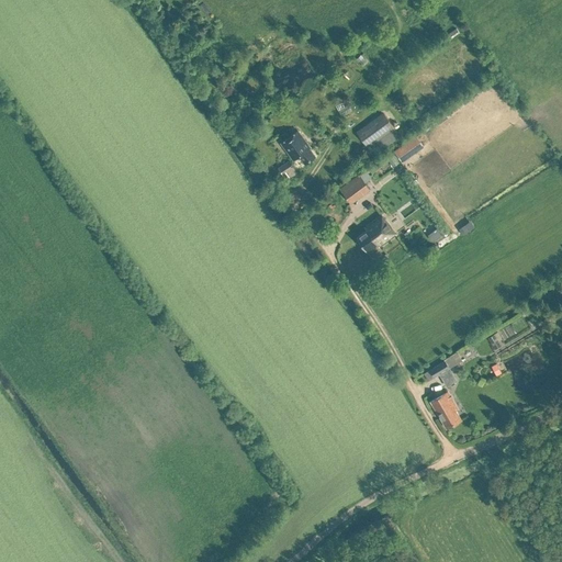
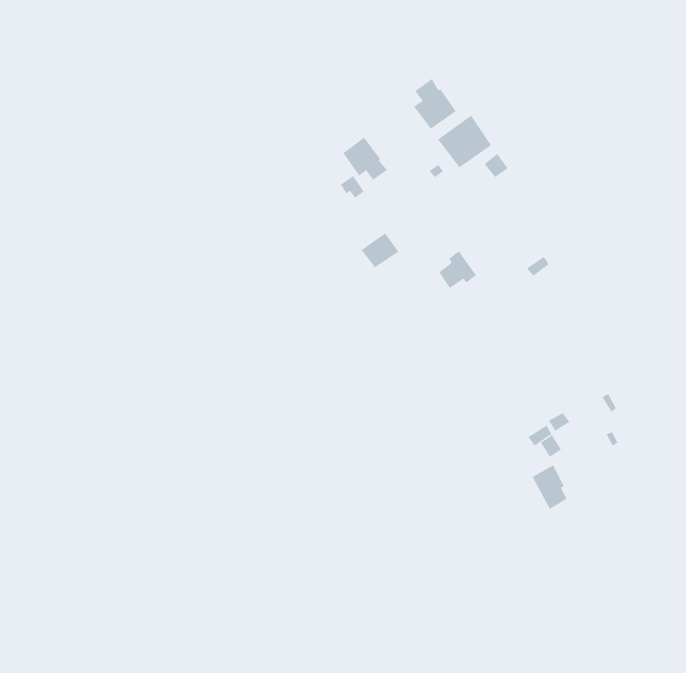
building: none -> [413,78,456,130]
building: [339,176,370,204] -> [361,232,399,268]

